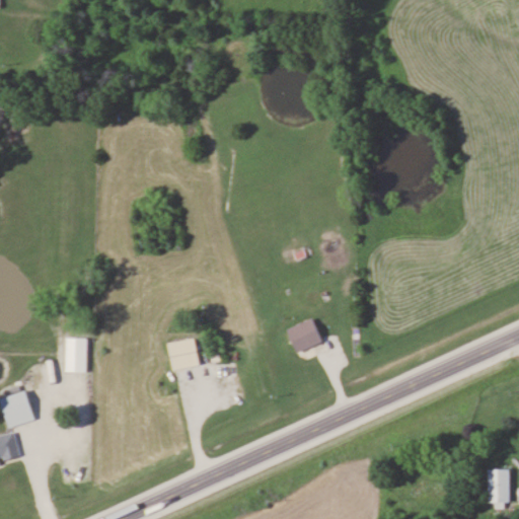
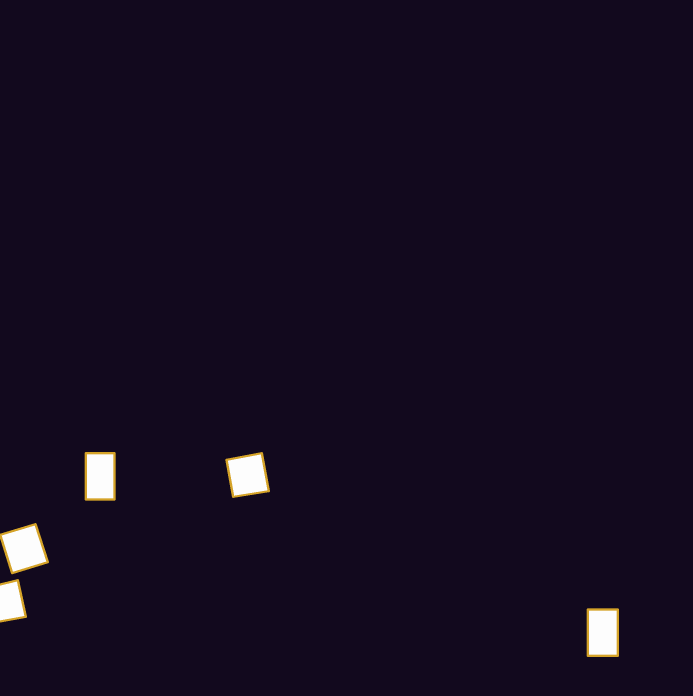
building: [286,317,323,352] -> none
building: [488,468,510,503] -> [588,610,618,656]

